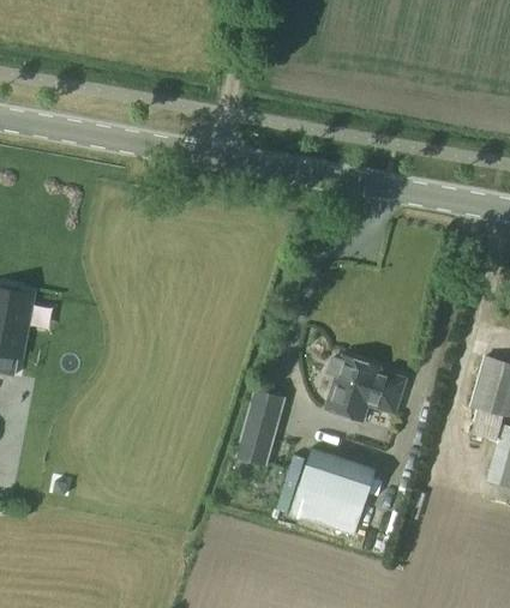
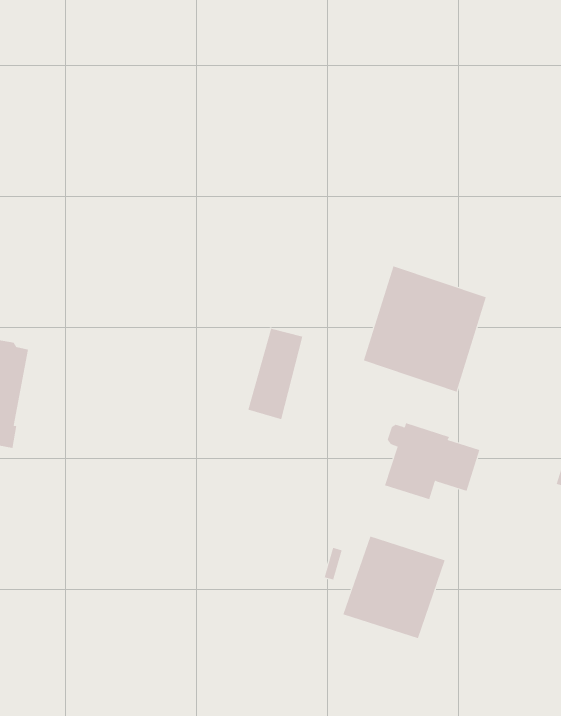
building: none -> [363,266,487,392]
building: [233,389,280,465] -> [247,328,303,420]

